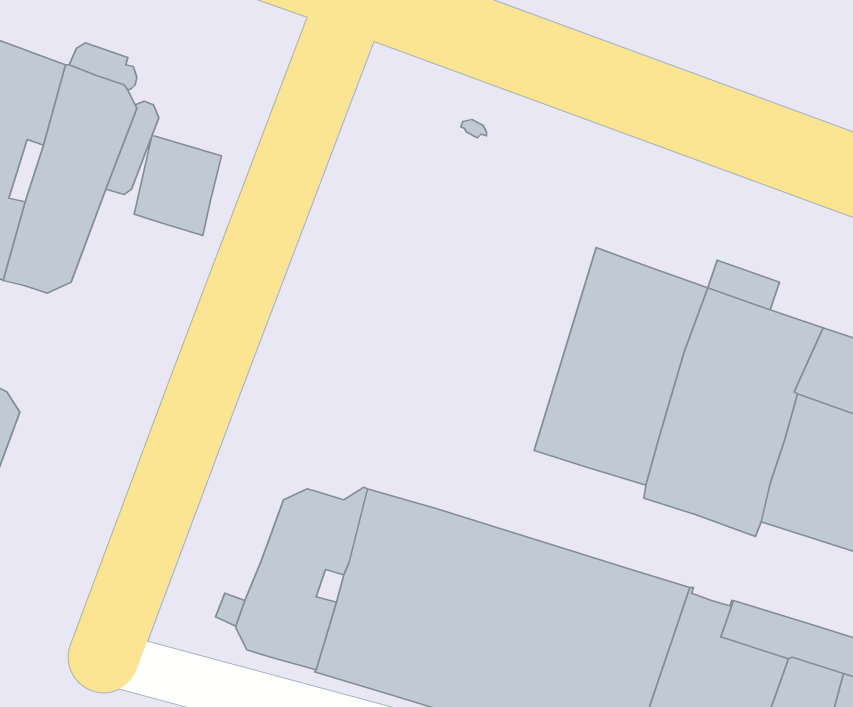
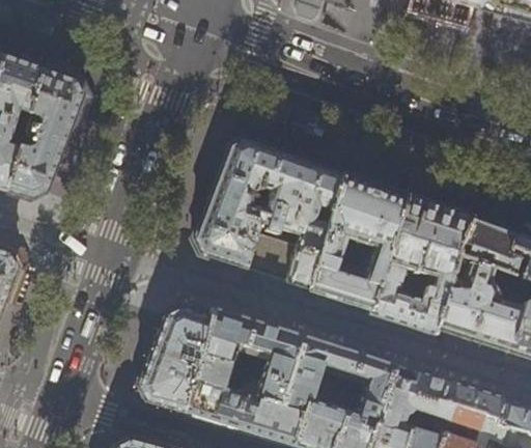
building: [134,136,221,236] -> none
building: none -> [195,139,344,288]

